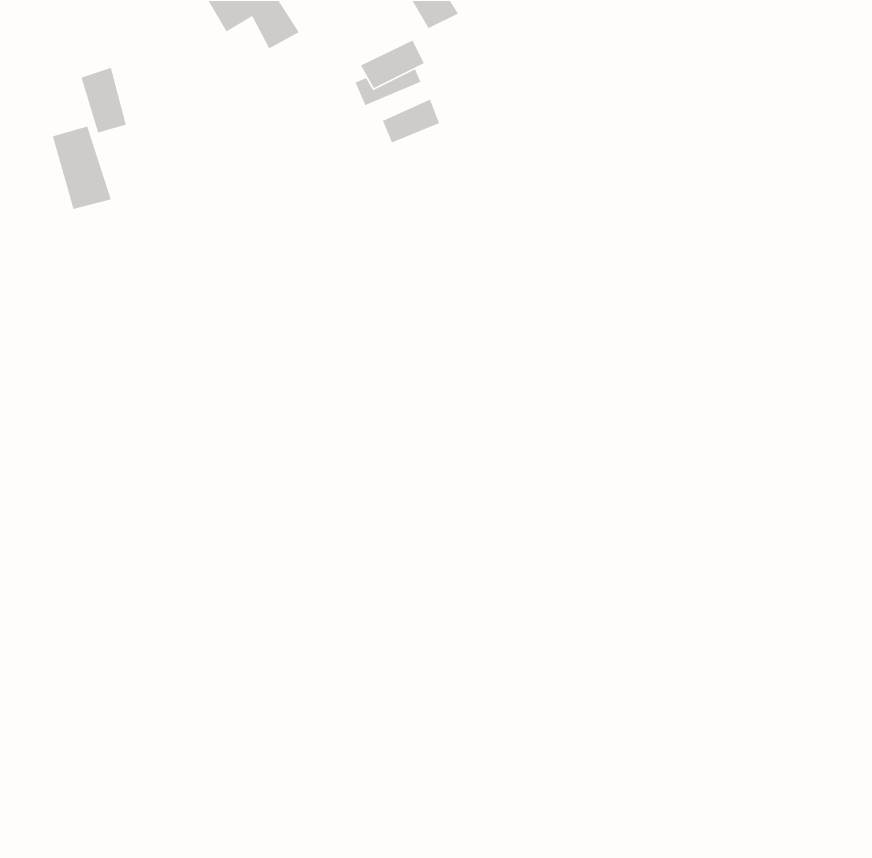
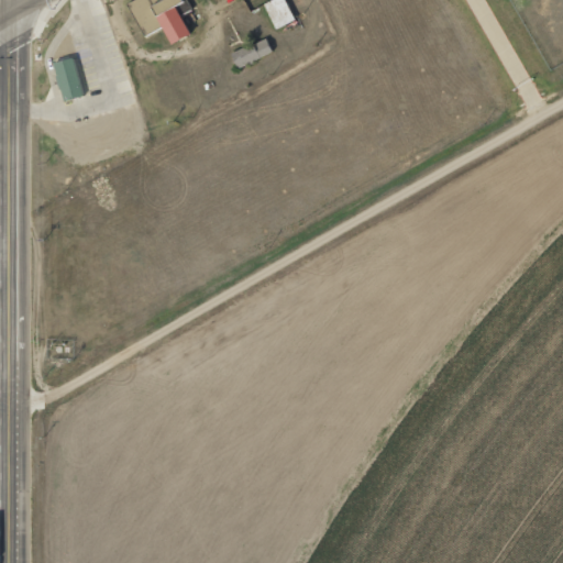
building: [382,98,440,144] -> none
building: [52,125,112,210] -> none

